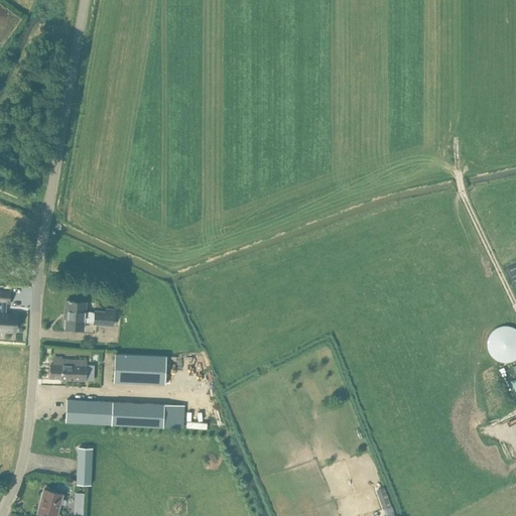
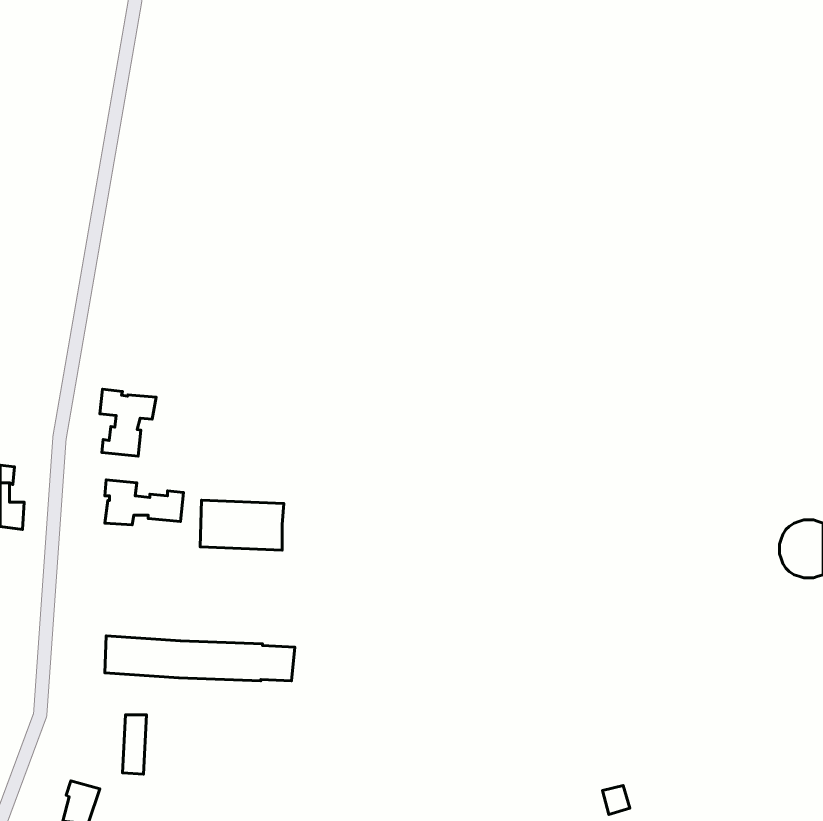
building: none -> [100,389,156,456]
building: [114,354,166,385] -> [200,500,284,550]
building: [50,360,87,381] -> none

